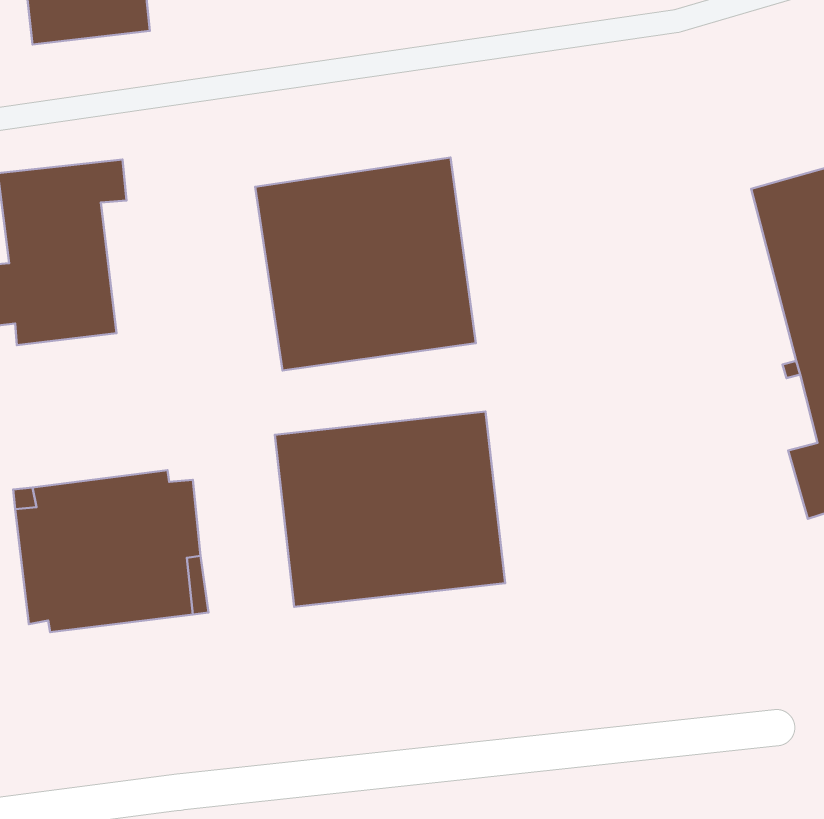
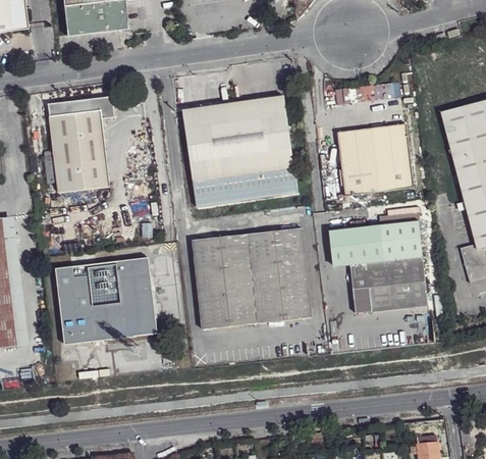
building: none -> [337,123,414,196]
building: none -> [328,220,427,313]

